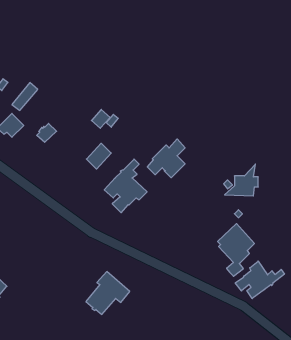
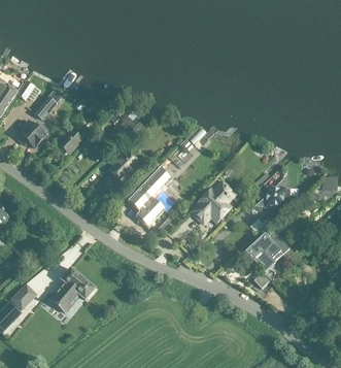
building: [147,139,185,178] -> [194,185,233,225]
building: [235,261,284,299] -> none
building: [86,272,130,314] -> [49,267,95,311]

